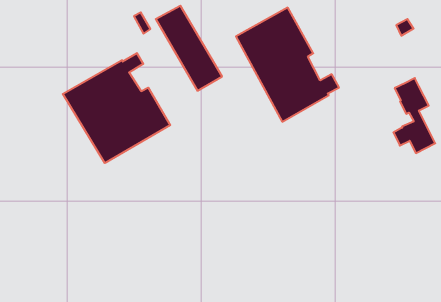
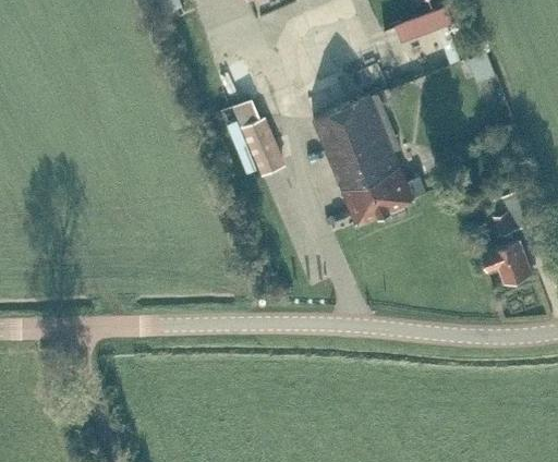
building: [63,53,170,163] -> none

